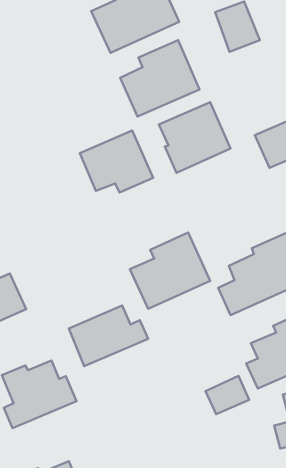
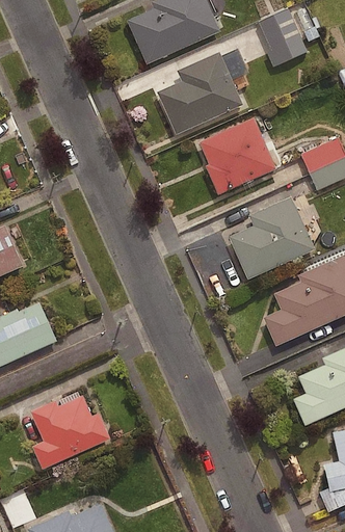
building: [80,130,153,192] -> none
building: [130,232,210,309] -> [228,197,314,280]
building: [69,306,148,366] -> none
building: [206,376,249,414] -> none

